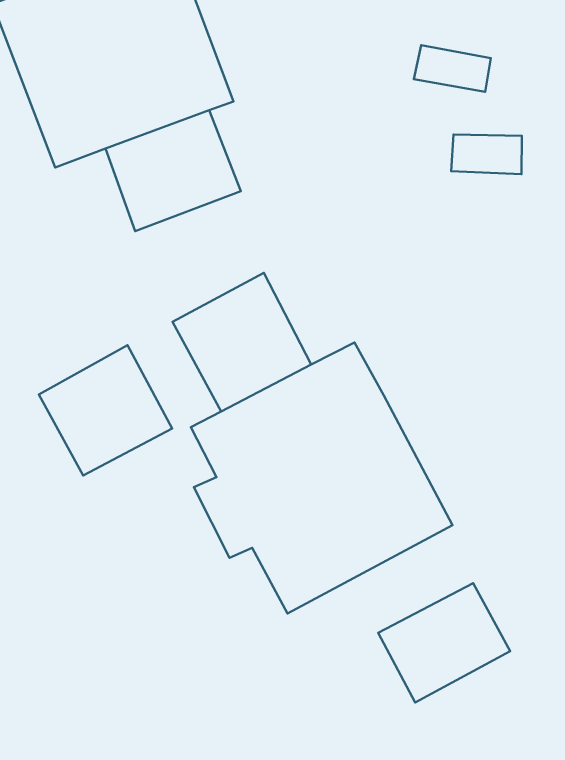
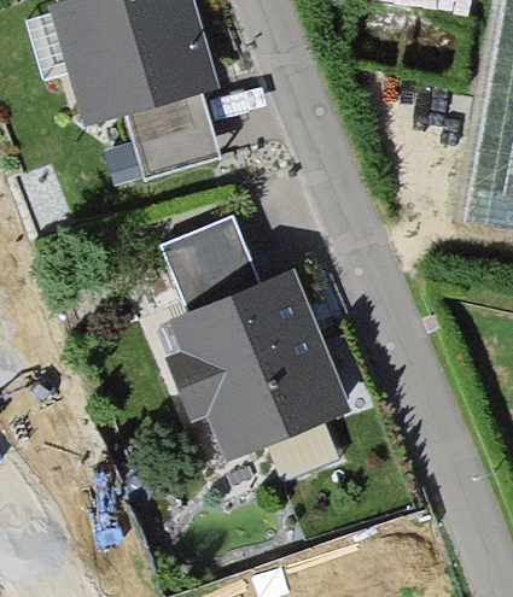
building: [39,345,172,476] -> none
building: [378,583,510,703] -> none

